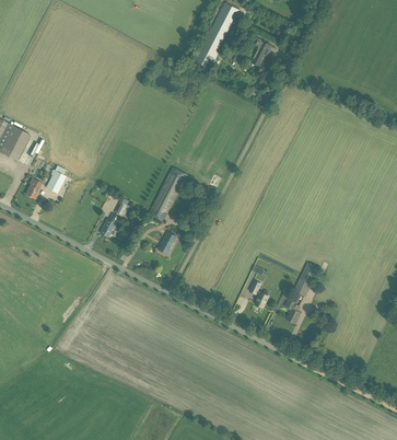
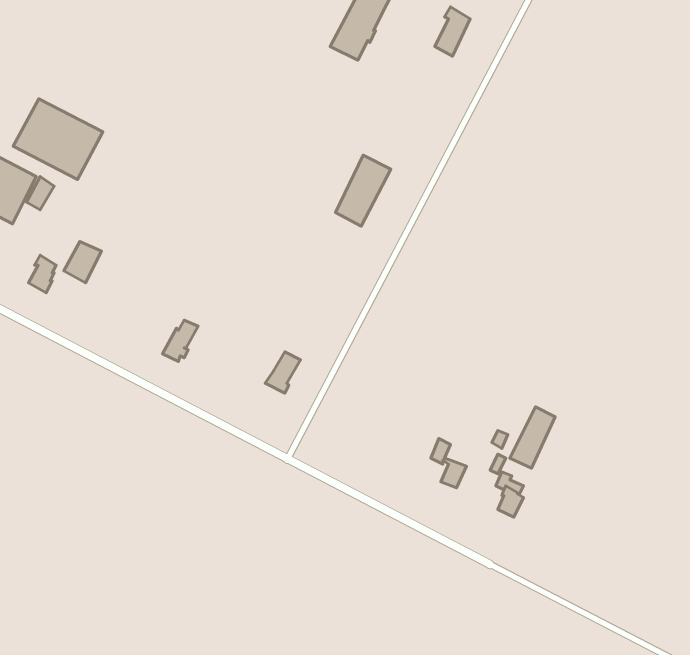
building: none -> [13,99,103,179]
building: [153,174,184,213] -> [336,155,391,226]

